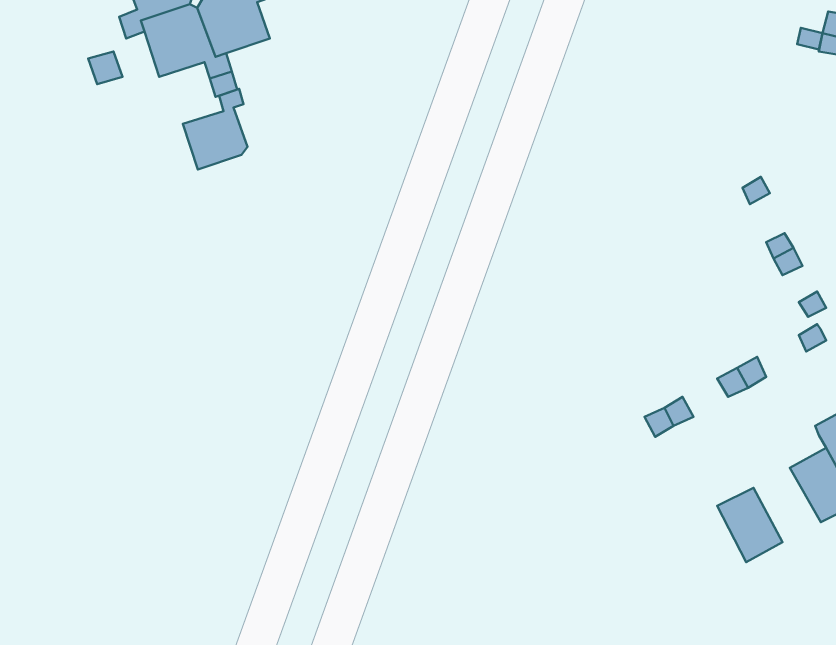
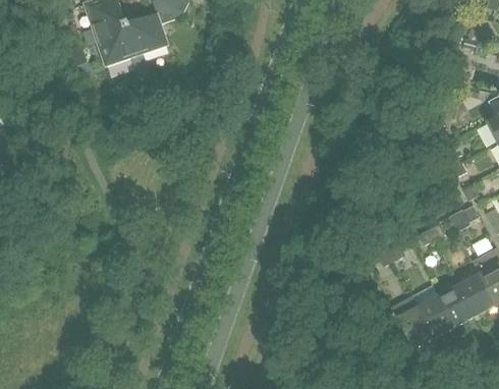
building: [183,89,248,170] -> none
building: none -> [438,283,476,325]
building: none -> [391,294,434,347]

